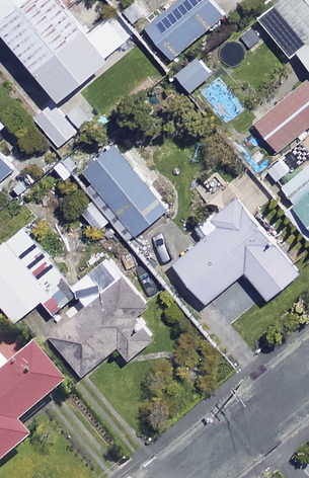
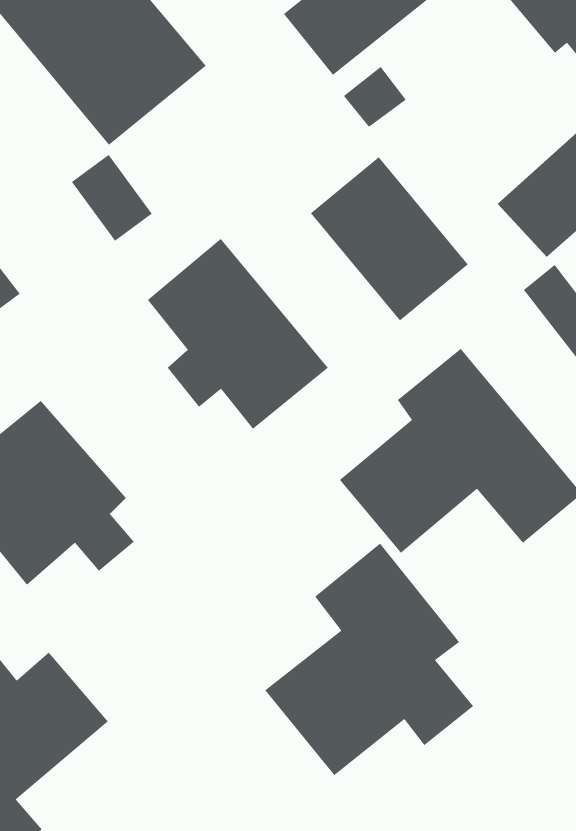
building: none -> [310,156,469,321]
building: [45,254,151,373] -> [264,542,474,776]

